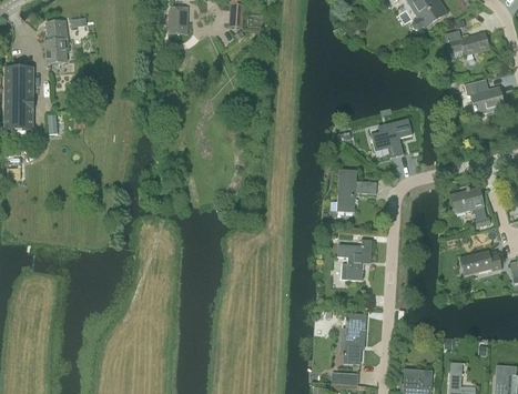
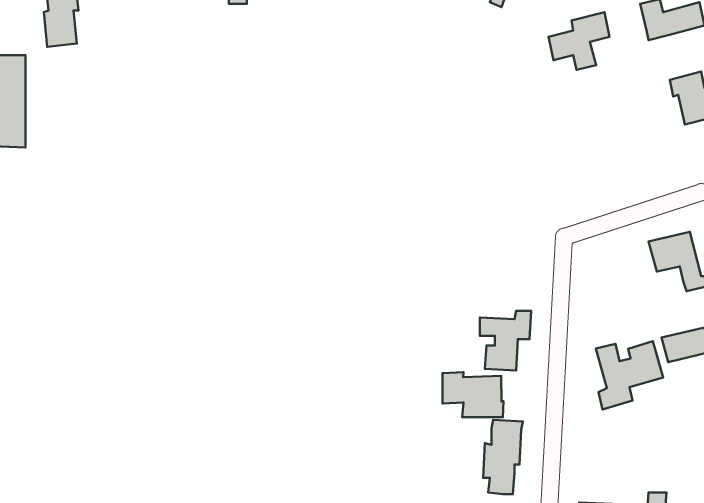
building: [370,118,412,156] -> [548,12,610,70]
building: [336,169,376,212] -> none
building: none -> [596,341,663,410]
building: none -> [442,372,504,417]

